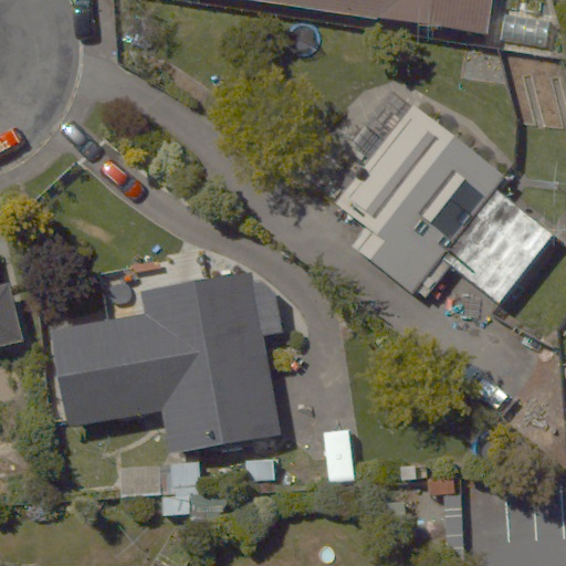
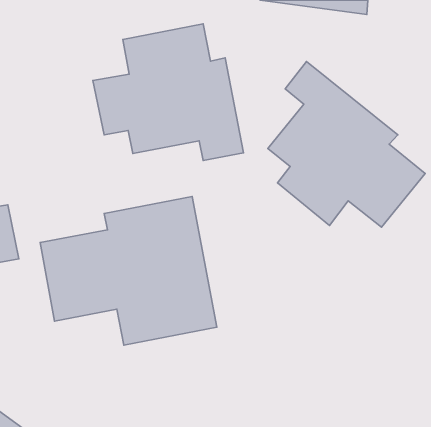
building: none -> [93,24,243,160]

